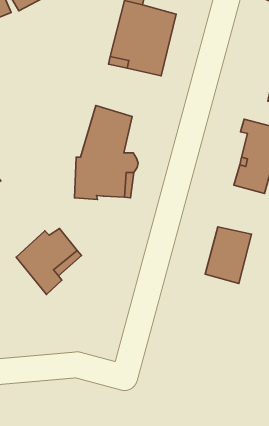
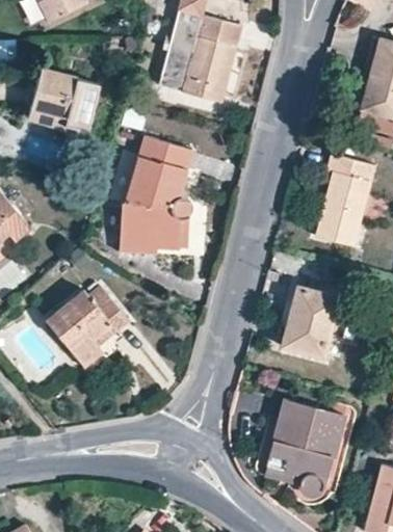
building: none -> [38,68,106,130]
building: none -> [265,400,341,496]

